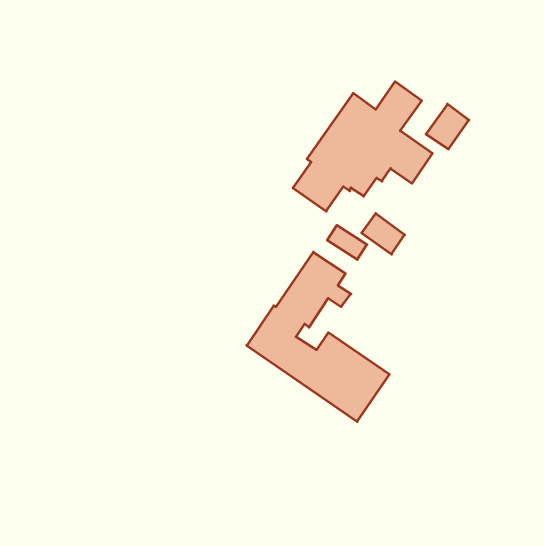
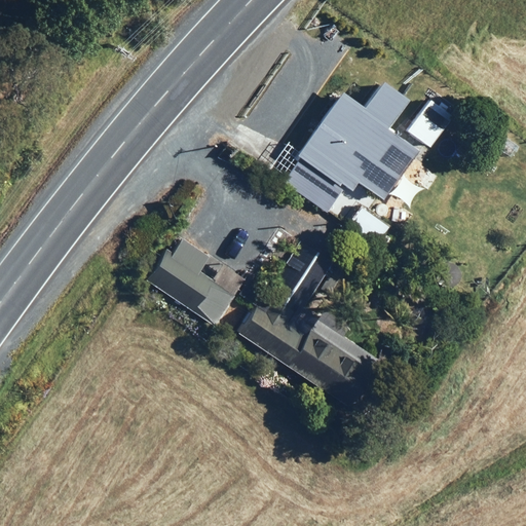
building: none -> [149,240,246,327]

